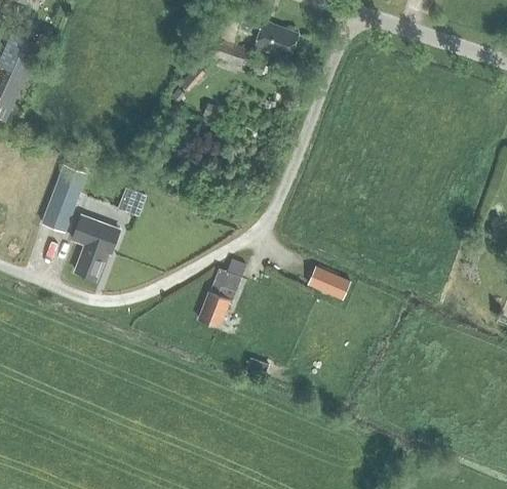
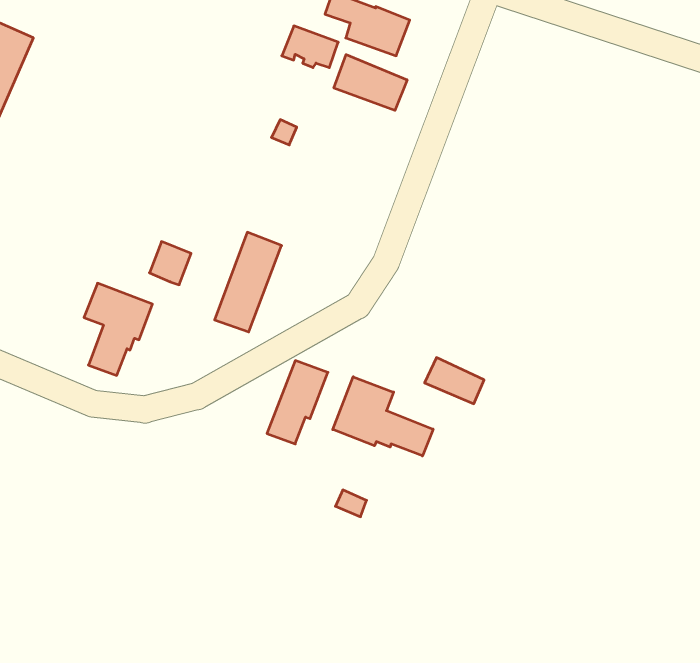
building: none -> [334,55,407,110]
building: [42,163,88,232] -> [215,232,282,332]
building: none -> [333,377,433,456]

